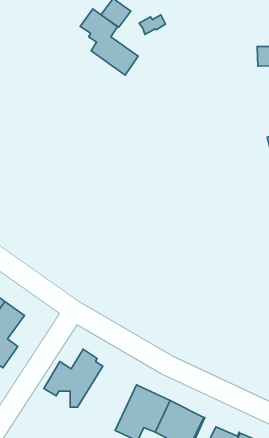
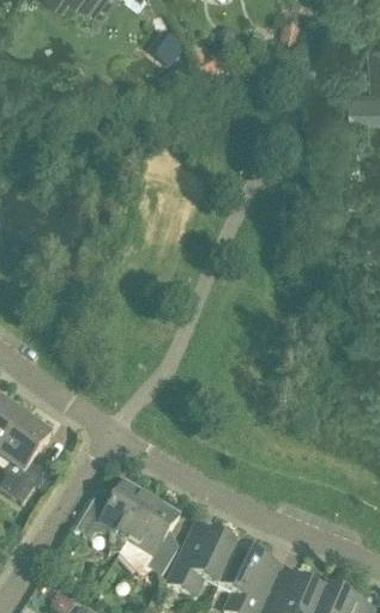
building: [80,9,138,75] -> none
building: none -> [119,500,180,578]

